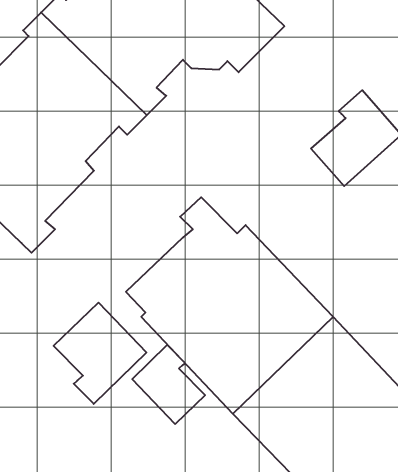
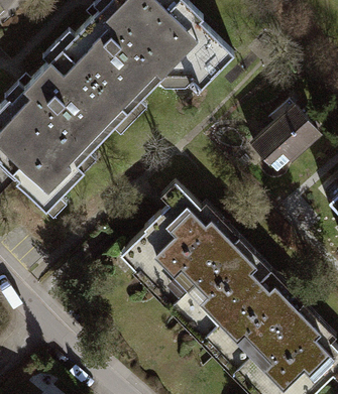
building: [54,303,146,404] -> none
building: [132,345,205,424] -> none

